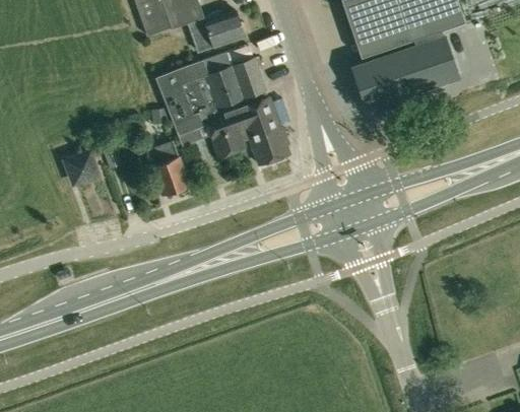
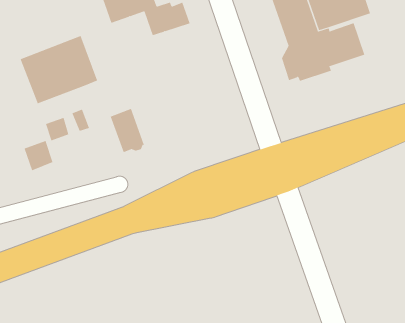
building: none -> [20,35,98,104]
building: [158,58,288,164] -> none
building: none -> [24,140,53,171]

